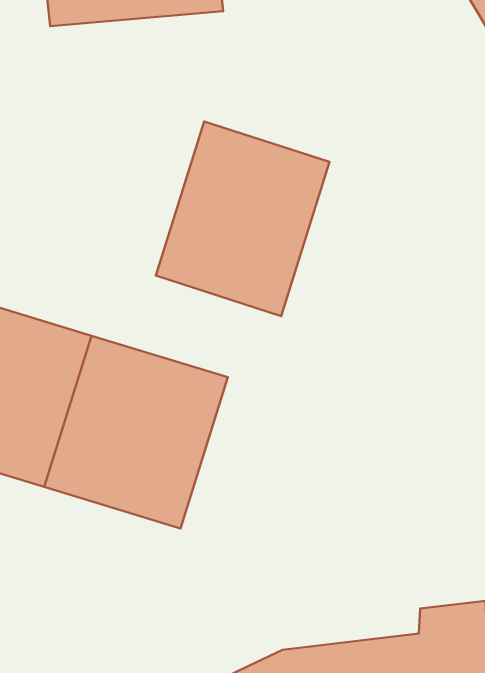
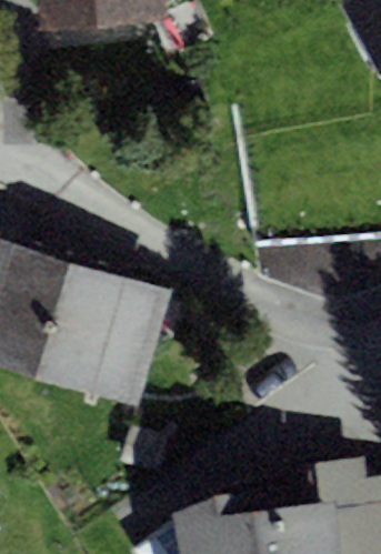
building: [156,121,330,316] -> none

